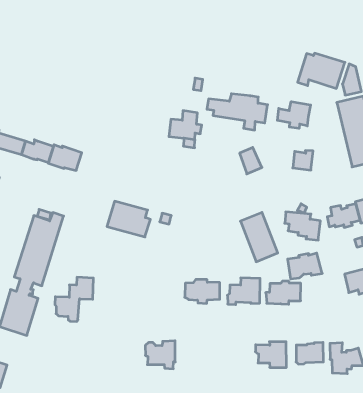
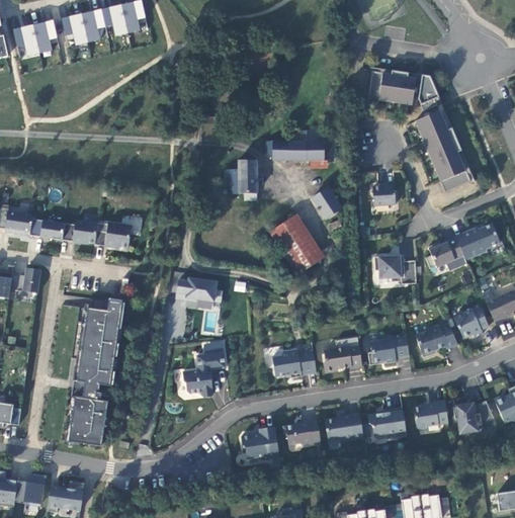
building: [277,102,311,128] -> none
building: [240,212,278,262] -> [269,221,318,278]
building: [288,253,322,279] -> [417,323,459,357]
building: [55,277,93,321] -> [182,341,226,395]
building: none -> [282,420,320,444]
building: none -> [324,413,362,440]

